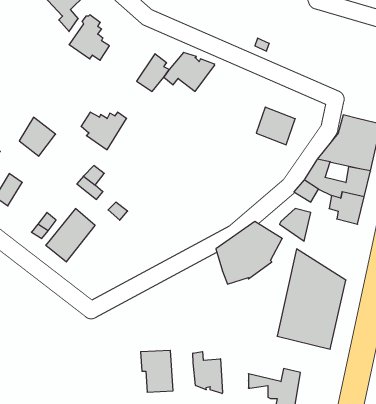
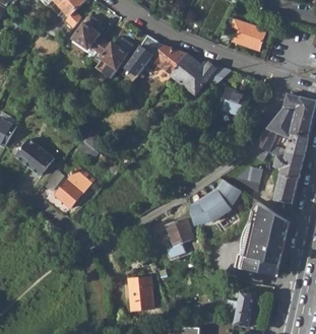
building: none -> [223,16,274,50]
building: none -> [171,55,230,94]
building: [81,112,127,150] -> [97,40,132,69]
building: [19,117,56,156] -> [24,146,53,177]
building: none -> [274,175,298,211]
building: none -> [166,215,199,246]
building: [193,352,223,394] -> none

